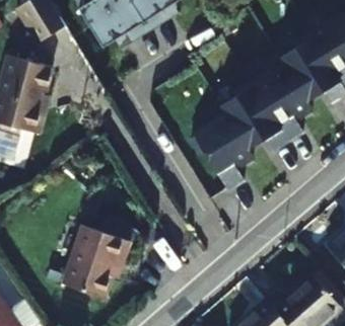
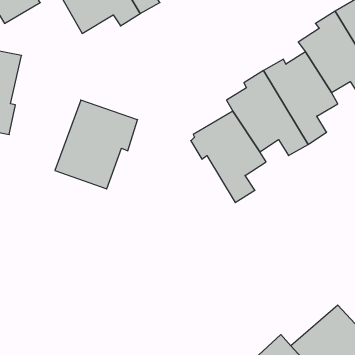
building: [61,227,129,300] -> [55,100,138,189]

